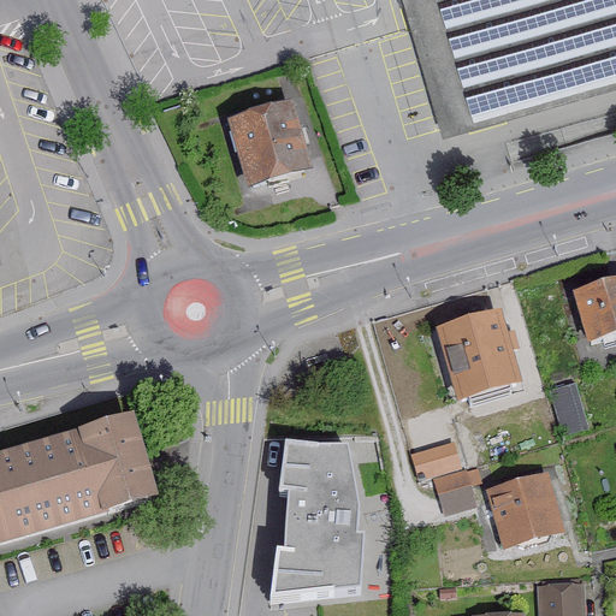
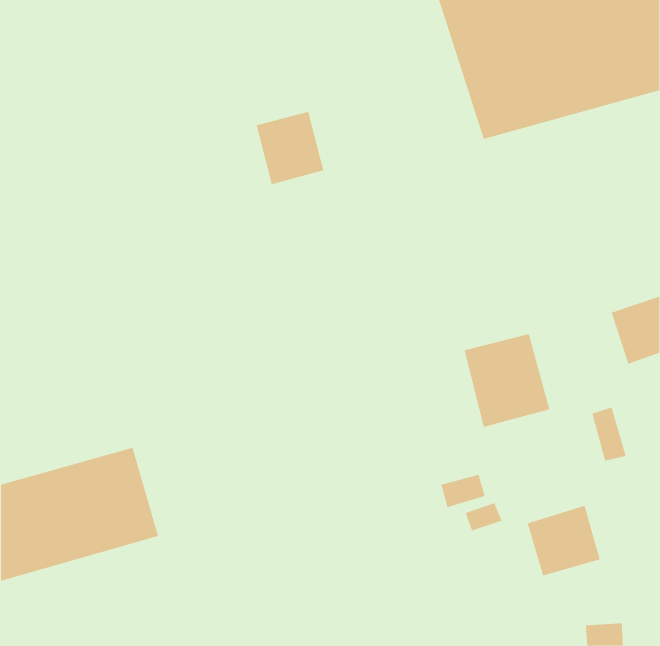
building: [285,438,362,592] -> none

